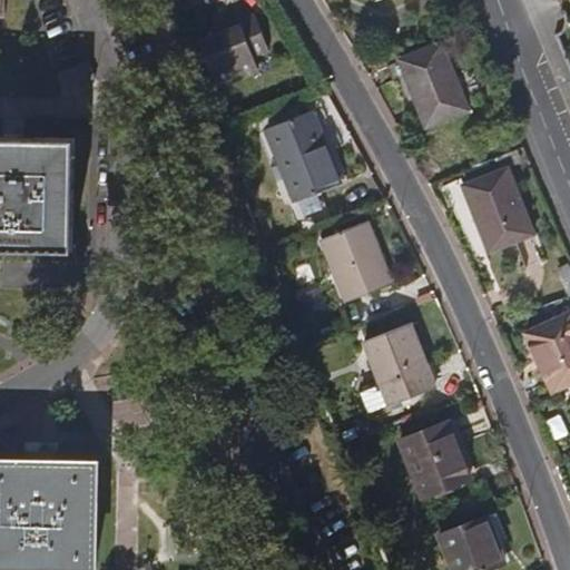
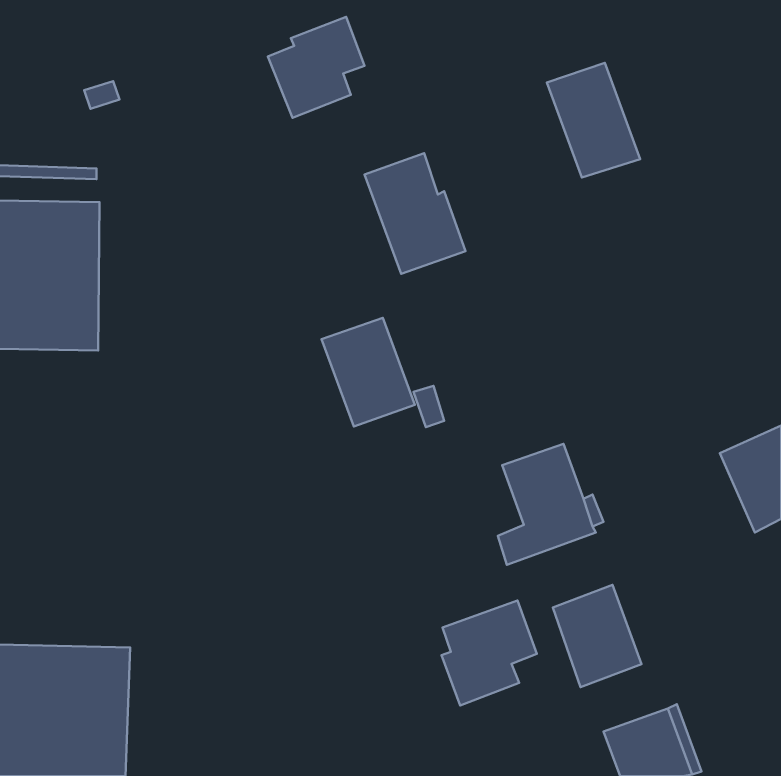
building: [462,167,531,248] -> none
building: [323,218,391,297] -> [322,318,415,426]
building: none -> [441,600,537,705]

